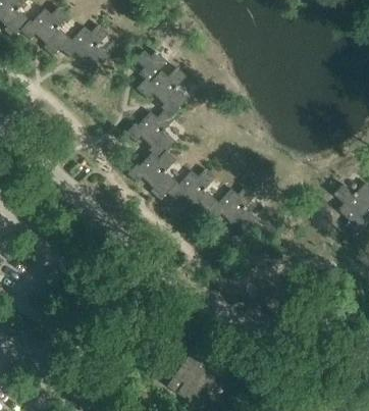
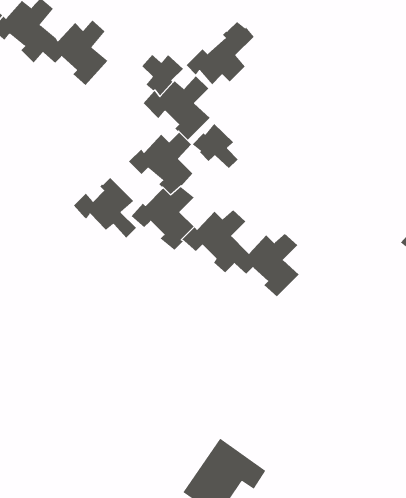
building: none -> [186,21,254,85]
building: none -> [192,123,238,169]
building: none -> [73,177,137,239]

